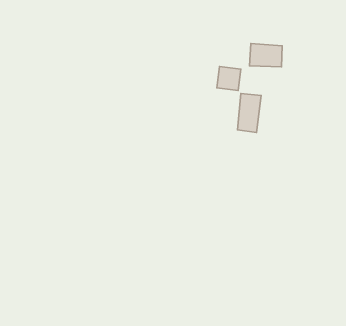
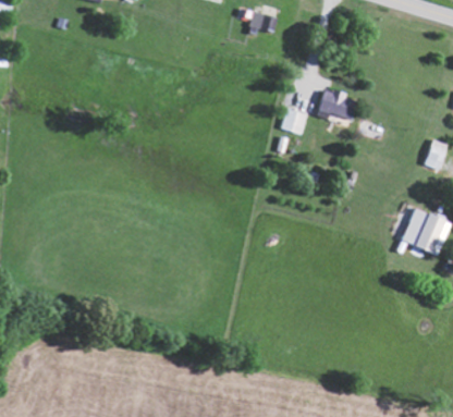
building: [237,94,261,133] -> none

